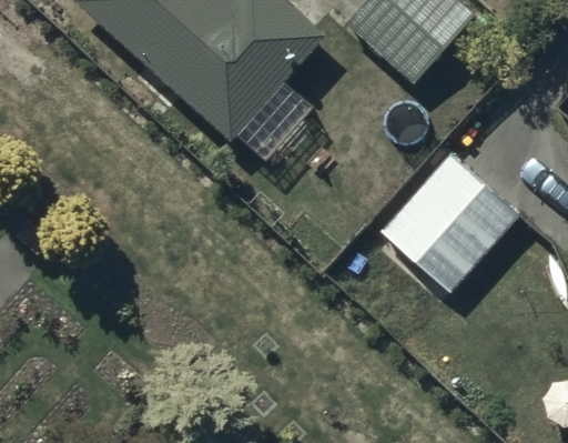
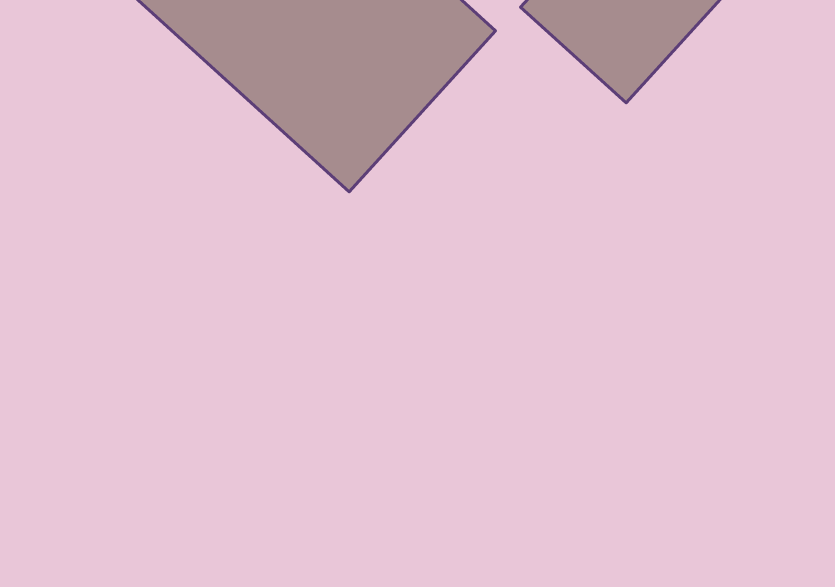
building: [382,154,518,292] -> none

